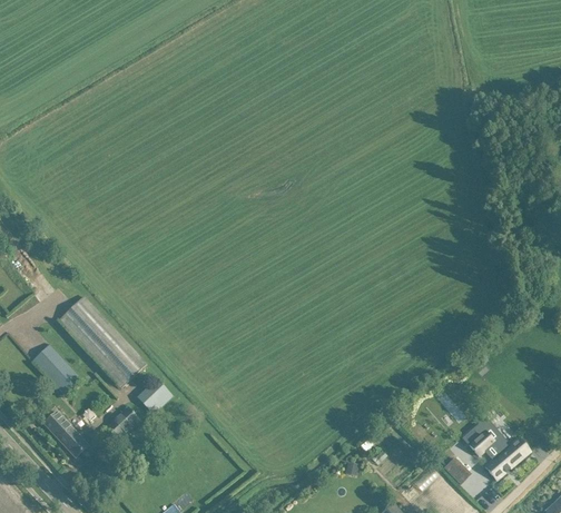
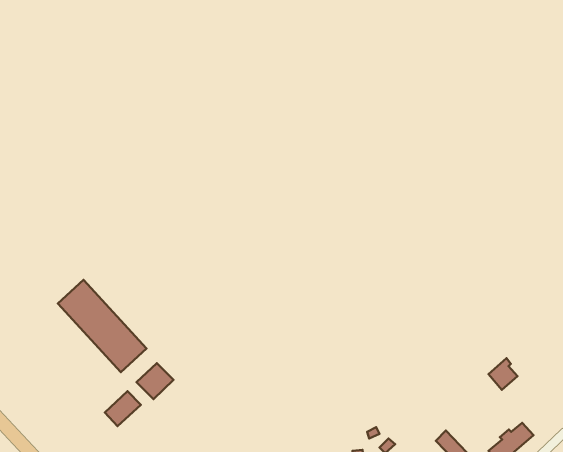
building: [32,345,81,394] -> none
building: [43,412,91,458] -> none
building: [465,424,494,455] -> [488,358,518,390]

